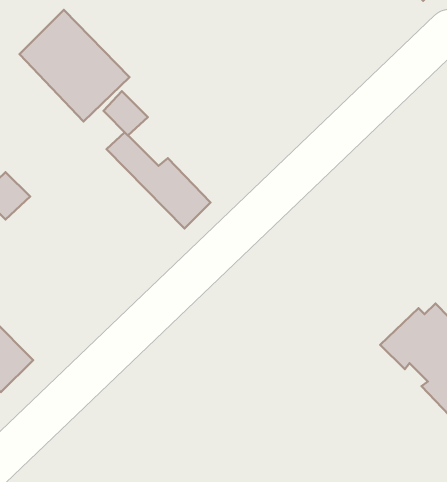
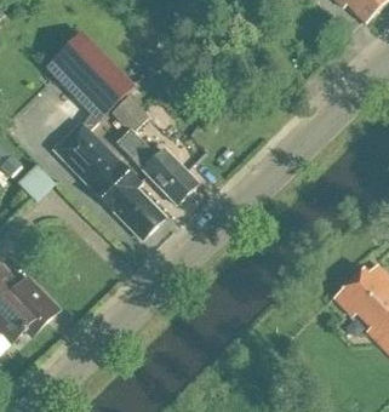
building: none -> [55,121,165,238]

